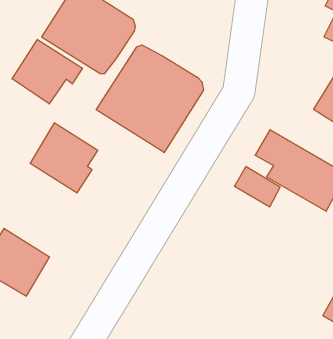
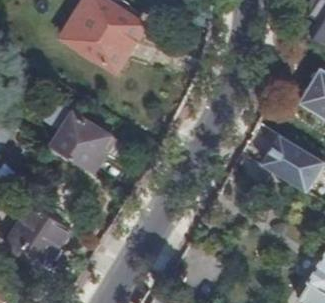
building: [12,39,82,104] -> none
building: [96,45,203,153] -> none

